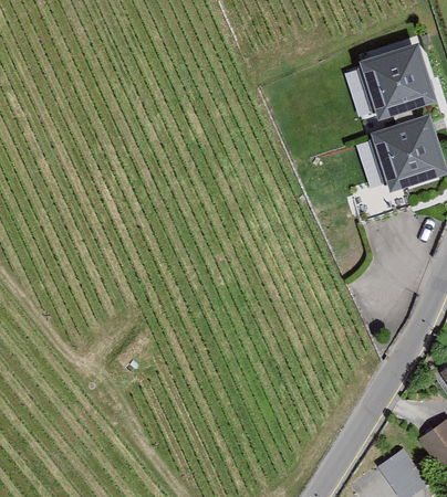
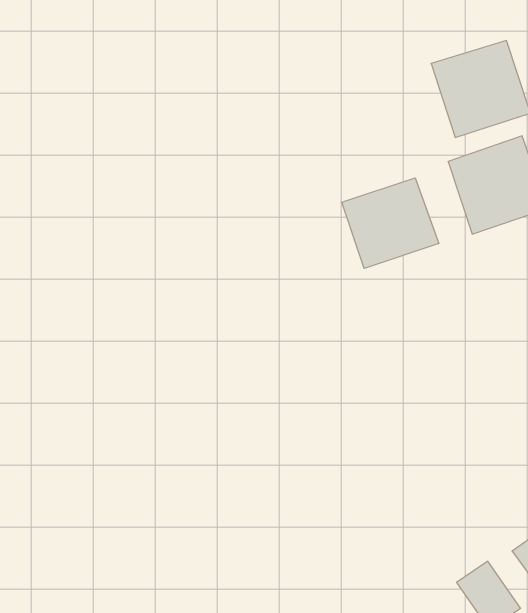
building: none -> [342,178,439,268]

